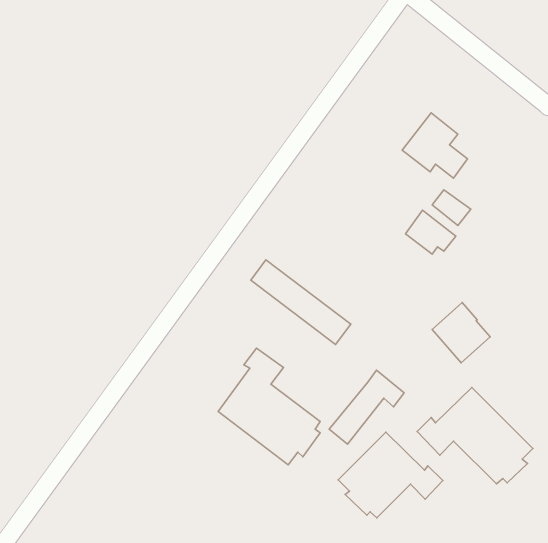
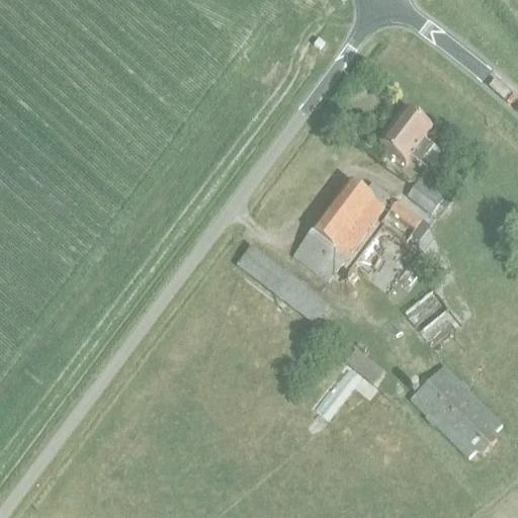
building: none -> [293,181,387,281]
building: [218,348,320,465] -> none
building: [338,432,443,518] -> none

